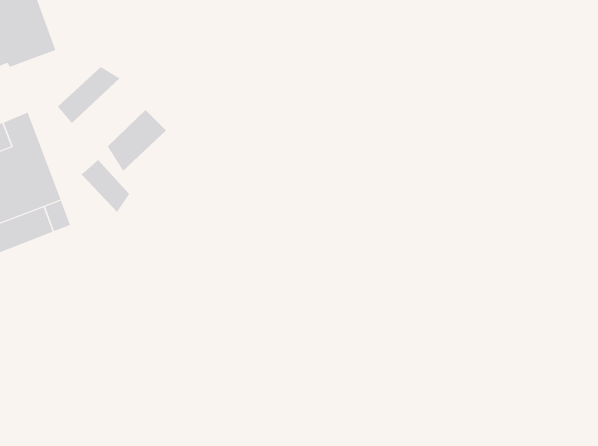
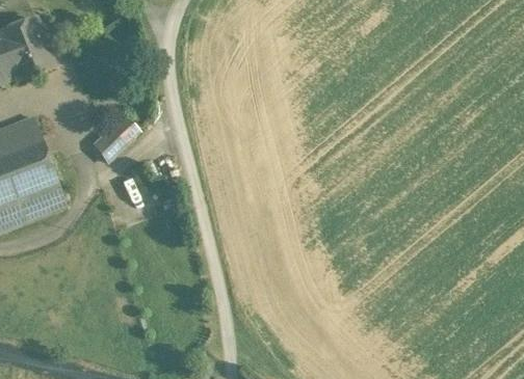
building: [57,66,121,124] -> none
building: [81,159,130,213] -> none

